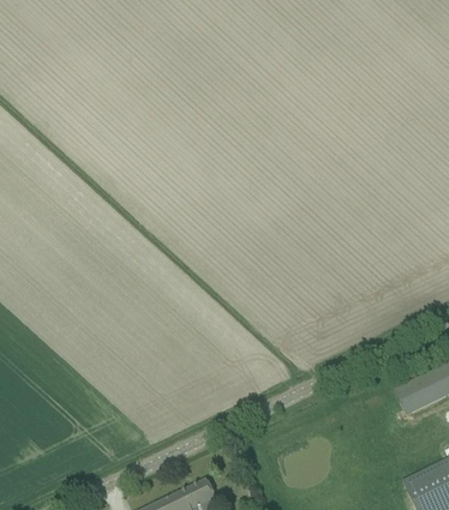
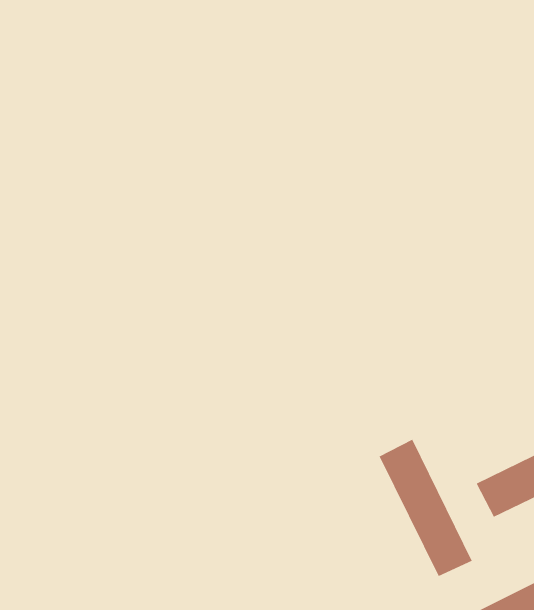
building: none -> [379,439,472,577]

